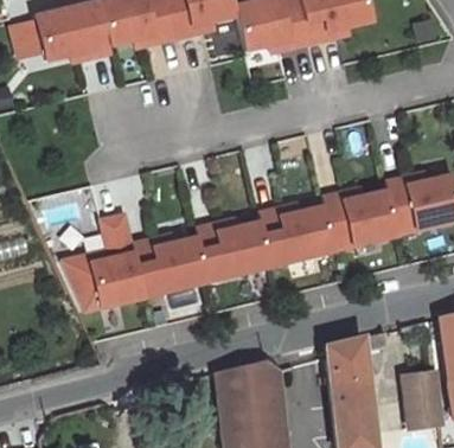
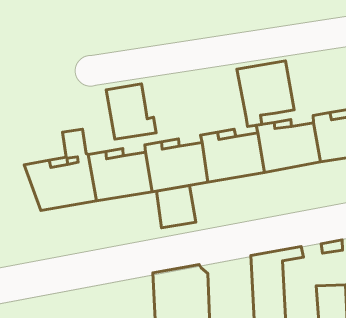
building: none -> [237,61,294,127]
building: none -> [106,84,156,139]
building: none -> [157,186,196,228]

